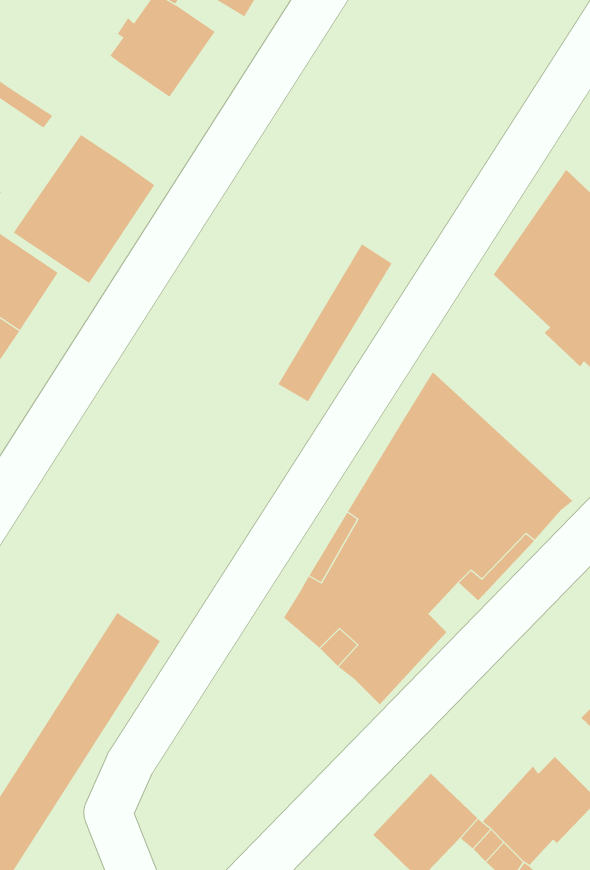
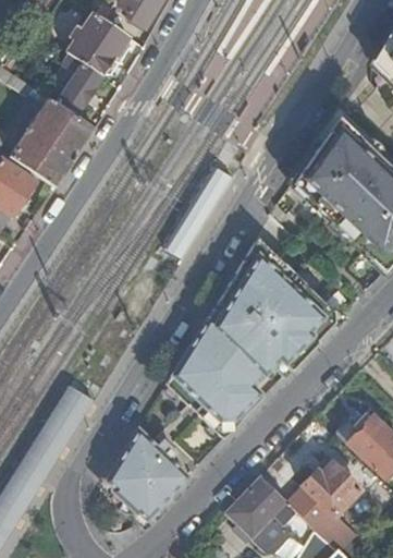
building: none -> [57,50,103,111]
building: none -> [109,428,194,517]

